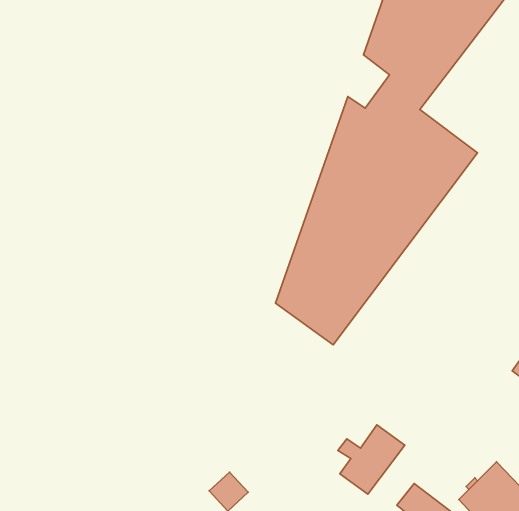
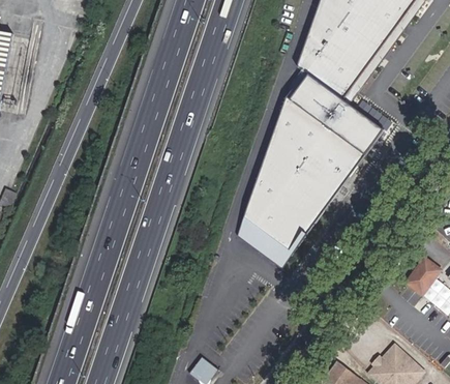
building: [338,425,405,494] -> none

